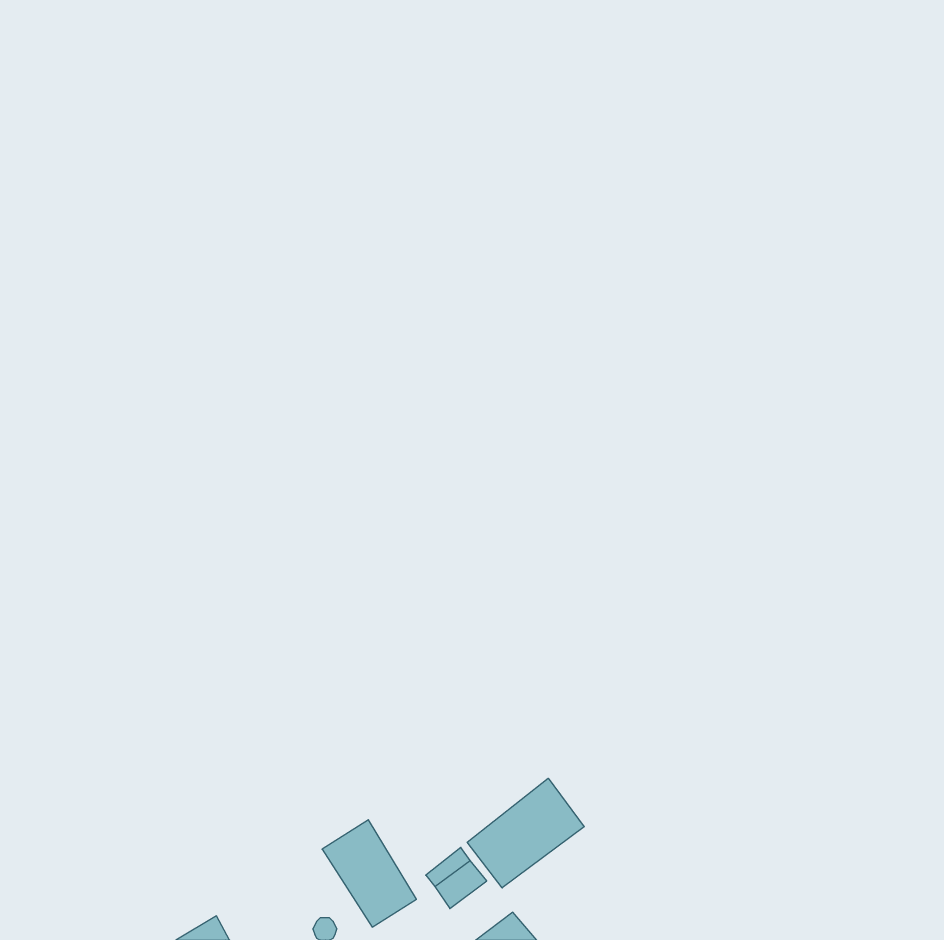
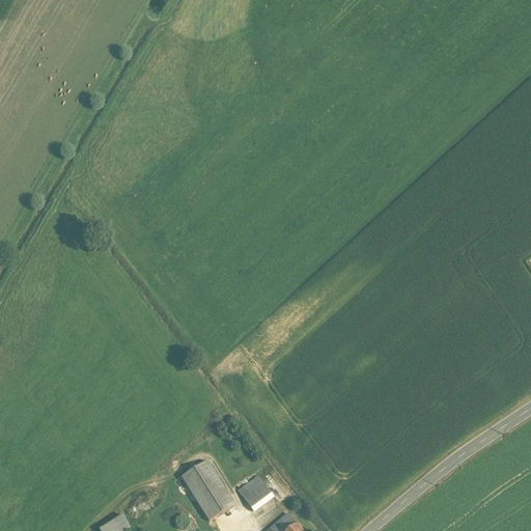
building: [467,778,584,888] -> none

